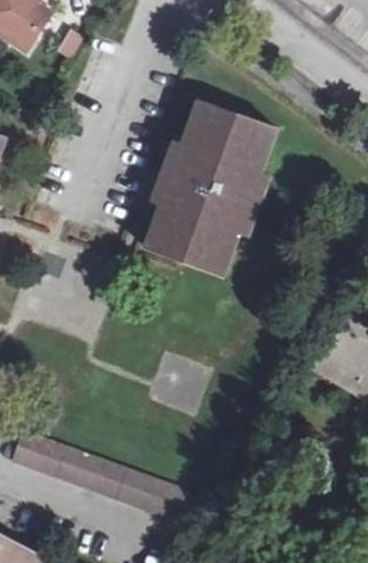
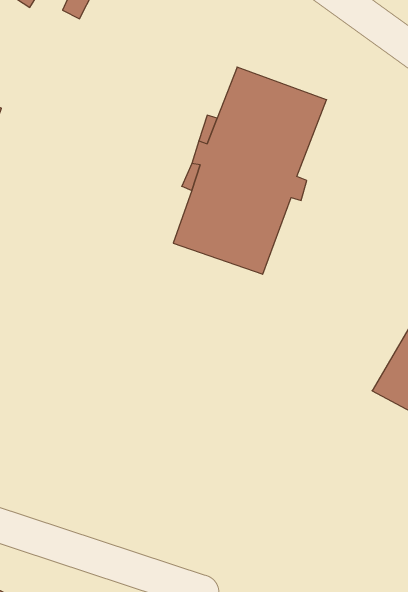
building: [9,430,184,519] -> none

